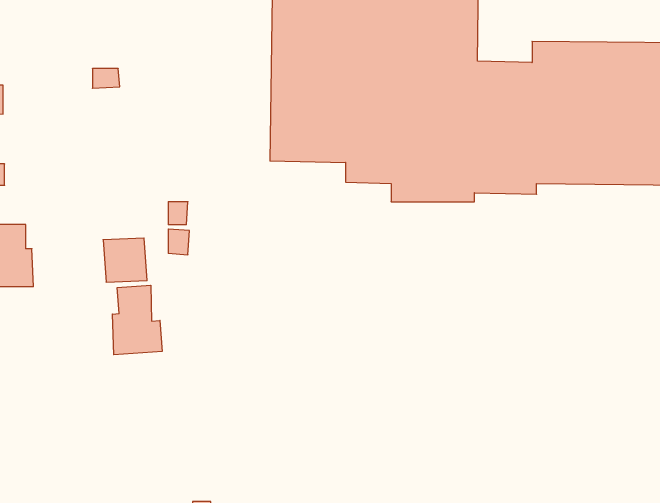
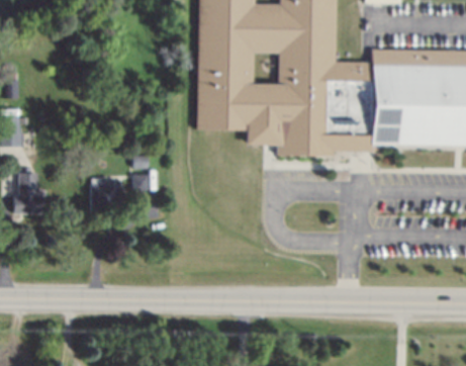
building: [112,285,162,355] -> none

